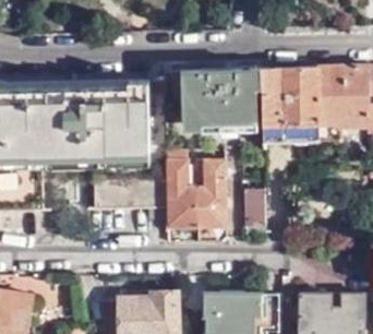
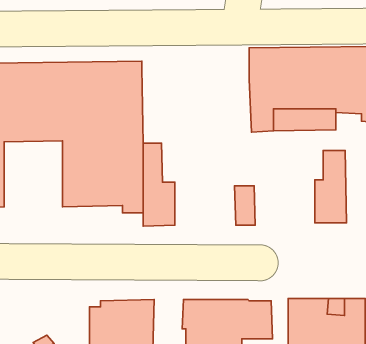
building: [165,68,261,128] -> none
building: [194,162,222,226] -> [315,151,346,223]

